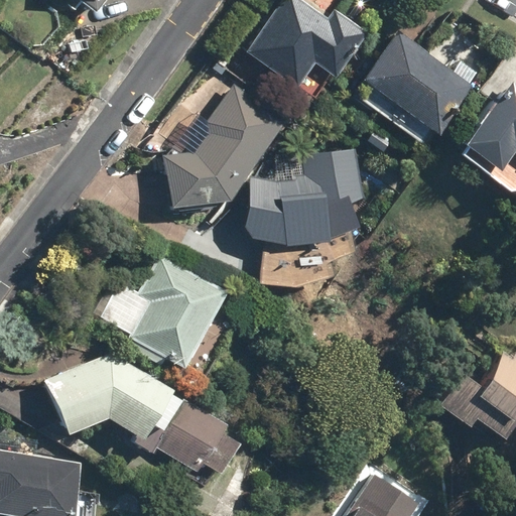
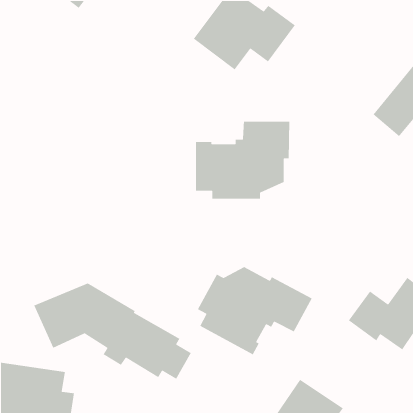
building: [359,30,476,143] -> none
building: [162,83,284,208] -> none
building: [91,252,228,369] -> none
building: none -> [197,266,313,356]

